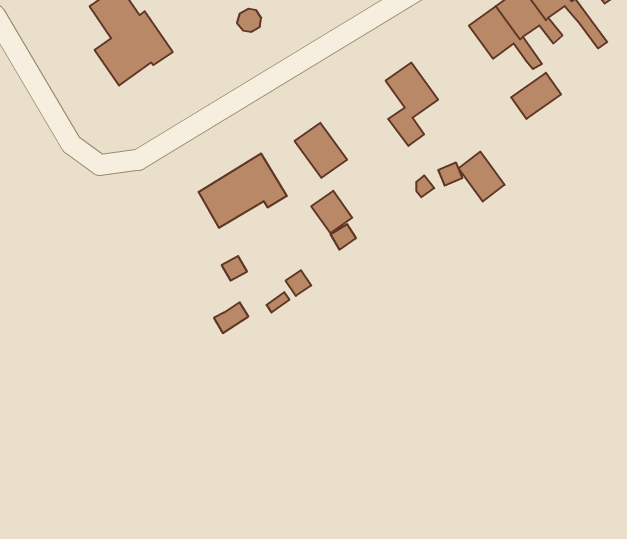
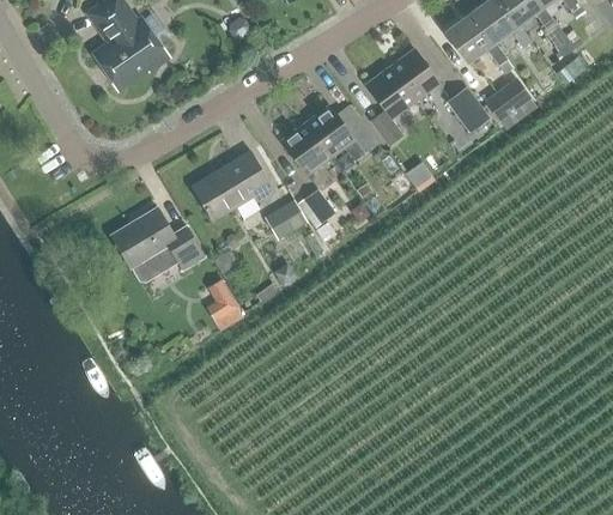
building: none -> [390,49,439,102]
building: none -> [305,105,378,160]
building: [458,152,505,202] -> [447,85,490,132]
building: none -> [263,196,306,238]
building: none -> [111,207,205,283]

